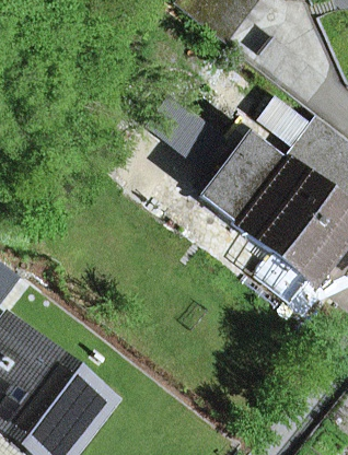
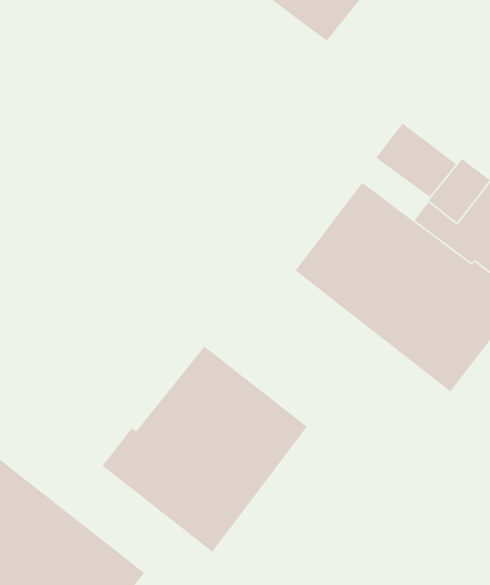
building: none -> [102,345,308,553]

